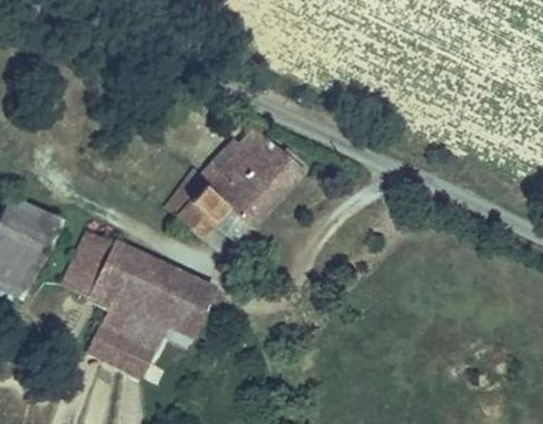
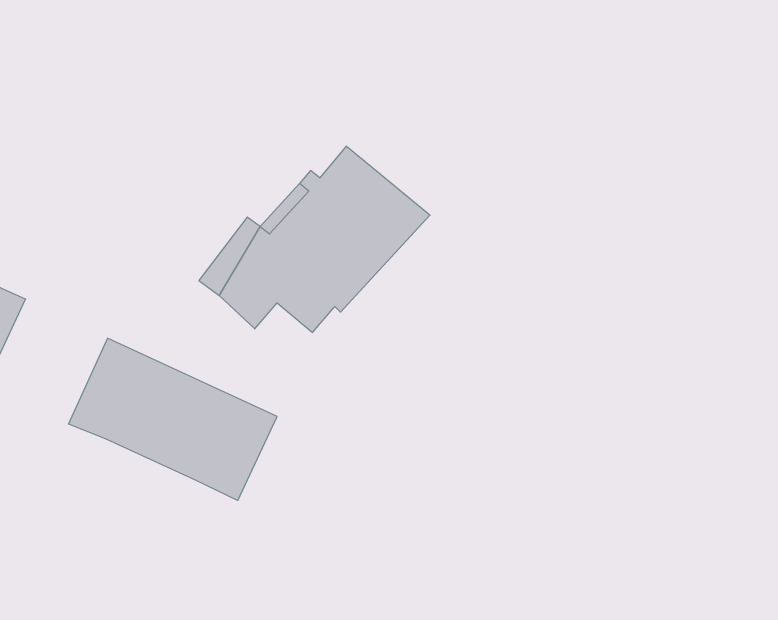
building: [65,230,113,292] -> none
building: [88,300,165,375] -> none

